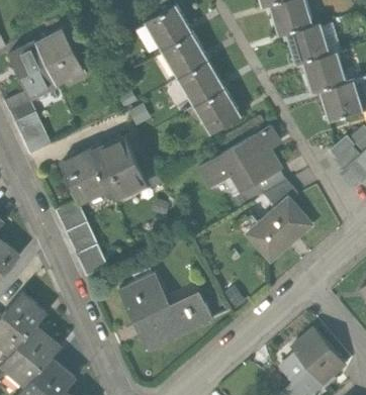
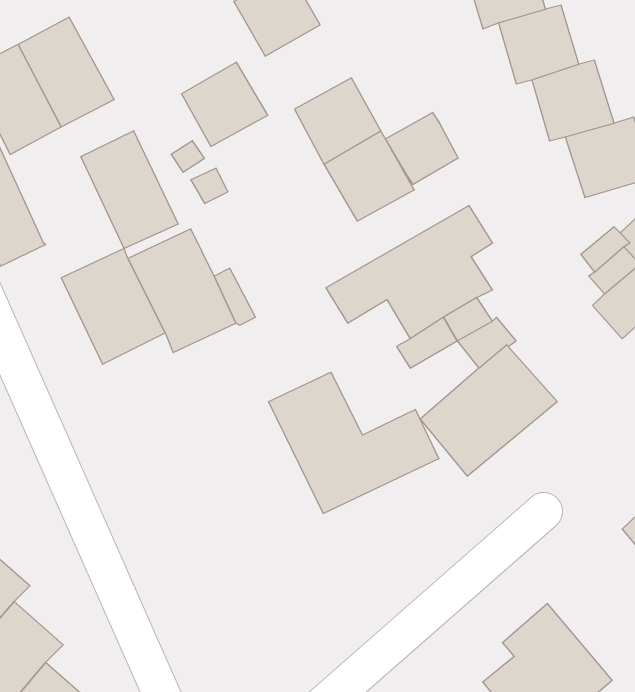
building: [165,31,209,75] -> [182,62,268,147]
building: none -> [385,112,458,185]
building: none -> [81,131,178,249]
building: [55,201,108,280] -> none
building: [121,278,209,351] -> [268,372,439,513]

